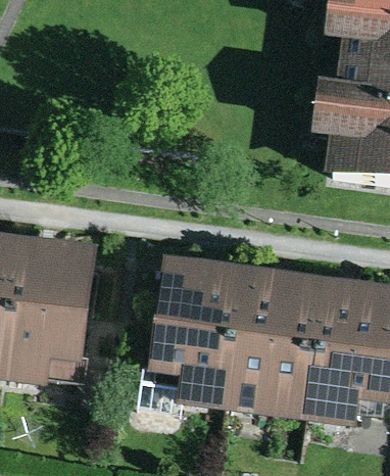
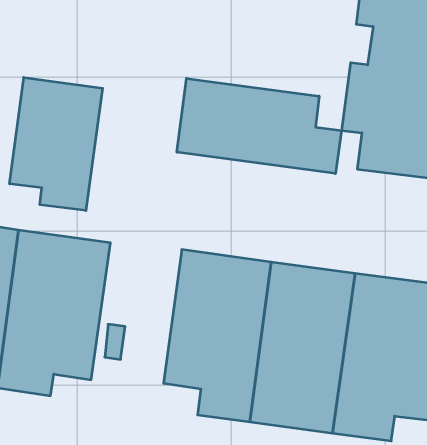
building: none -> [10,77,103,211]
building: none -> [177,78,341,174]

